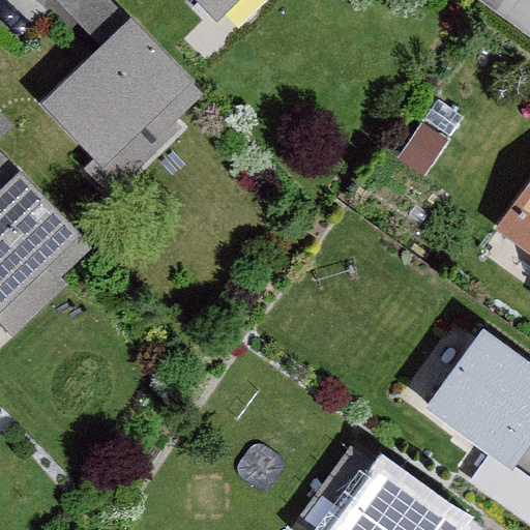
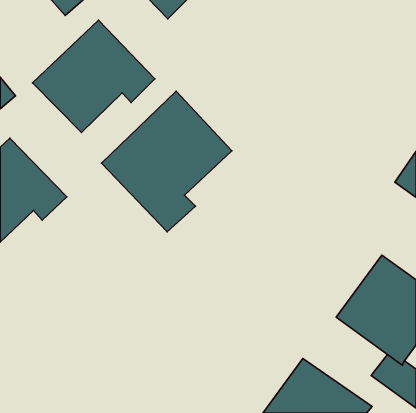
building: none -> [102,91,232,232]

